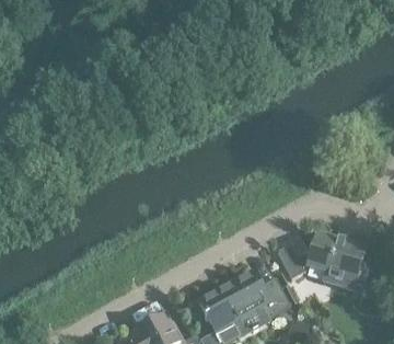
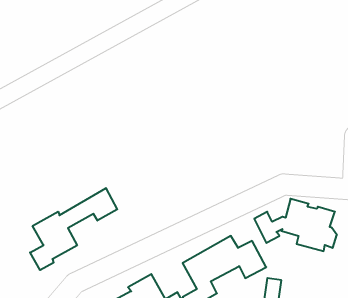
building: none -> [30,188,117,270]

